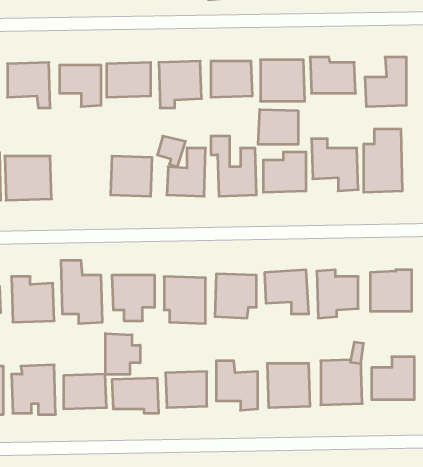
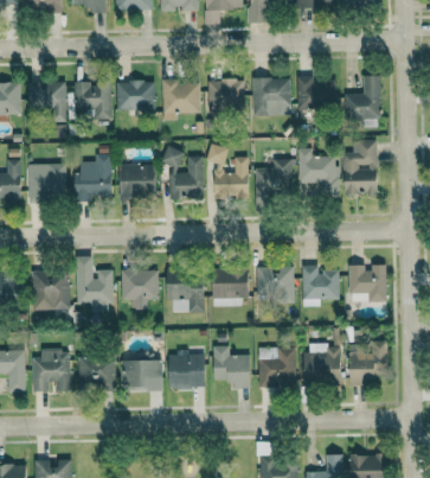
building: [258,109,298,144] -> none
building: none -> [75,153,113,202]
building: [105,333,140,374] -> none

